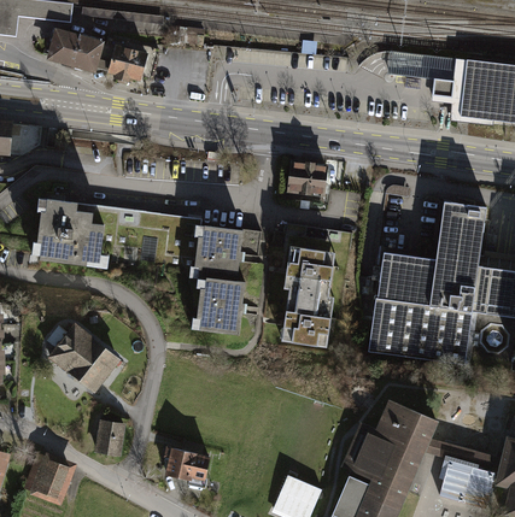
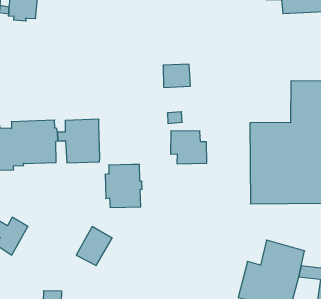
building: [195,224,261,280] -> none
building: [283,287,330,345] -> none
building: [68,337,116,387] -> [76,227,112,266]

